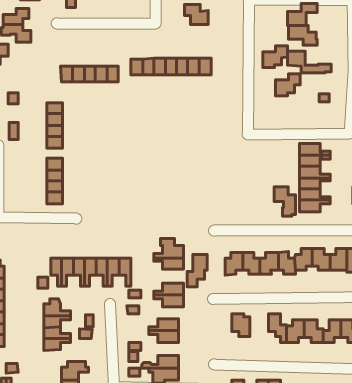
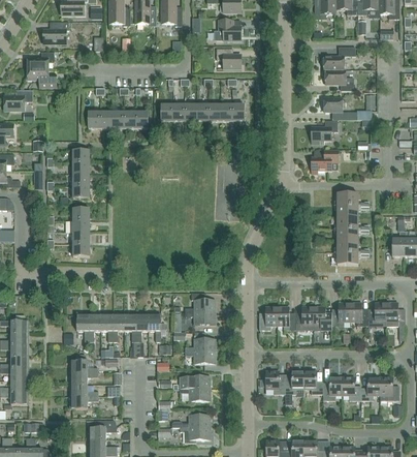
building: [263,46,287,68] -> [312,150,338,173]
building: [274,187,295,216] -> none
building: [187,255,207,287] -> none
building: none -> [285,370,304,404]

